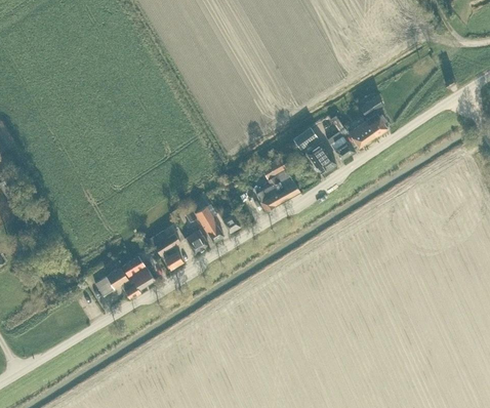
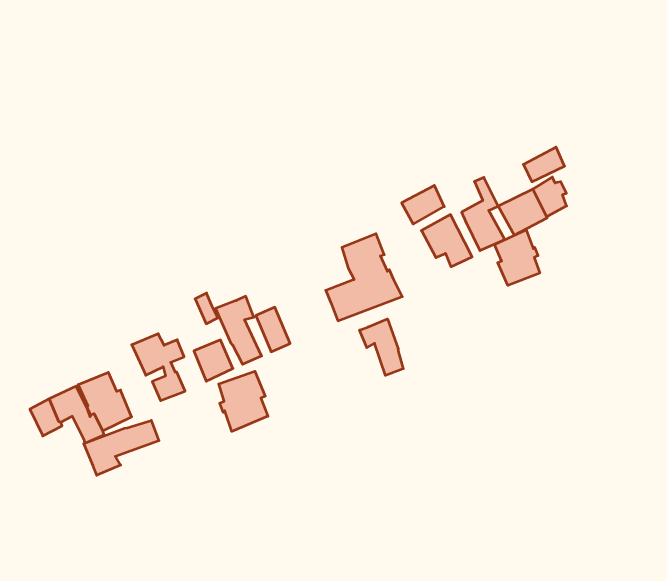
building: none -> [495,230,540,285]
building: none -> [360,319,403,375]
building: none -> [219,371,268,431]
building: none -> [84,420,159,475]

